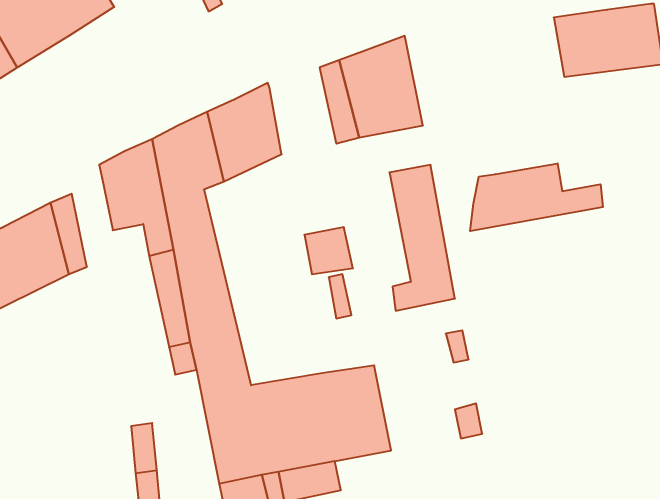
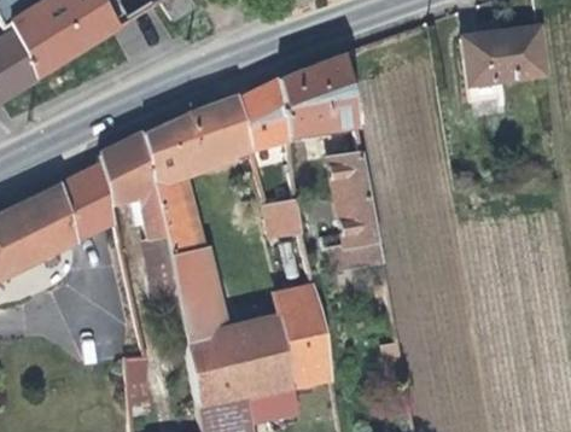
building: none -> [238,76,291,145]
building: [470,163,603,231] -> none
building: none -> [81,164,117,234]
building: none -> [274,286,321,319]

